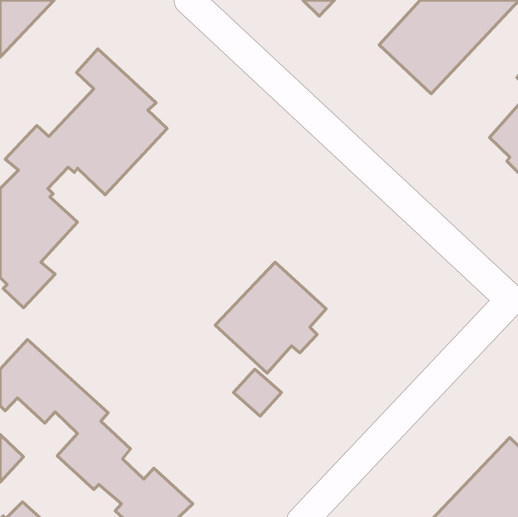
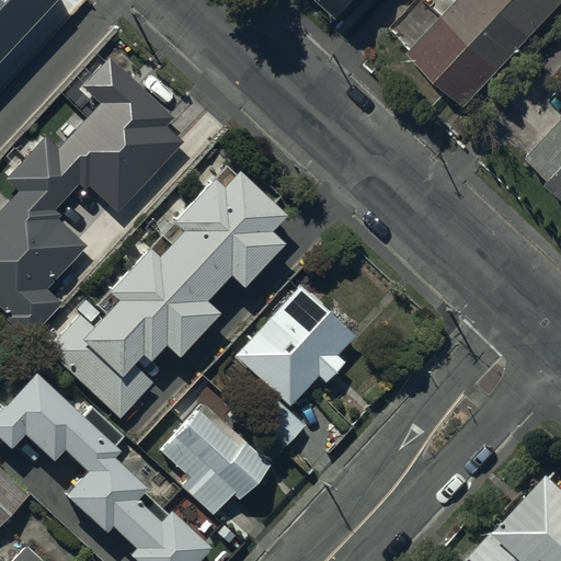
building: none -> [47,168,284,419]
building: none -> [159,403,271,515]

